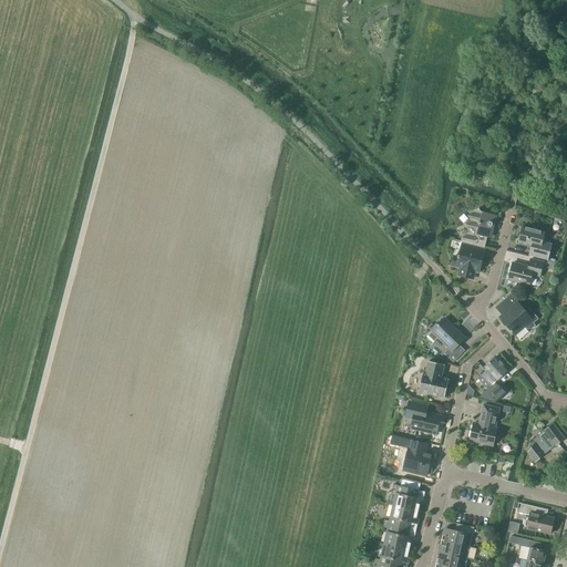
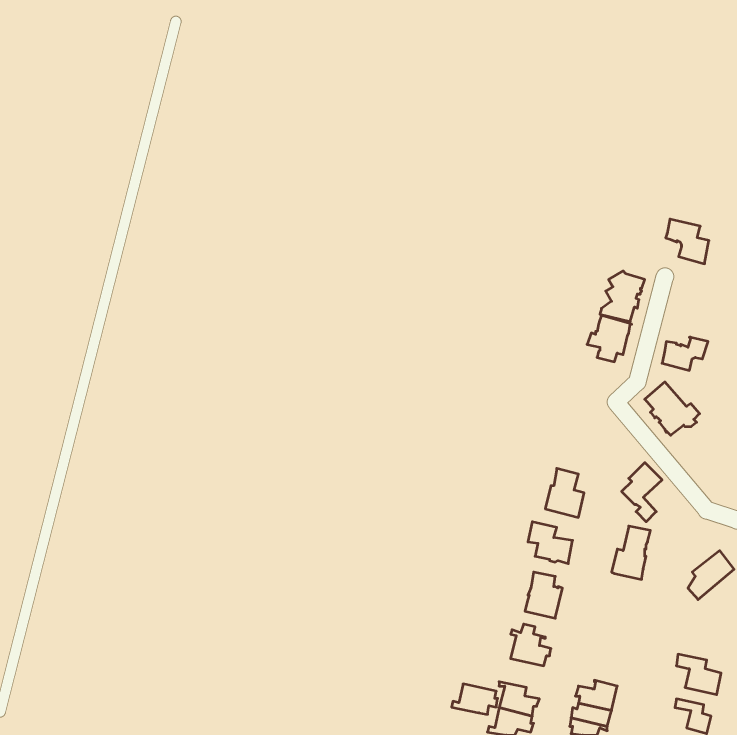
building: [518,226,551,260] -> [666,219,709,264]
building: [426,318,464,362] -> none
building: [383,506,419,529] -> [452,684,498,714]

